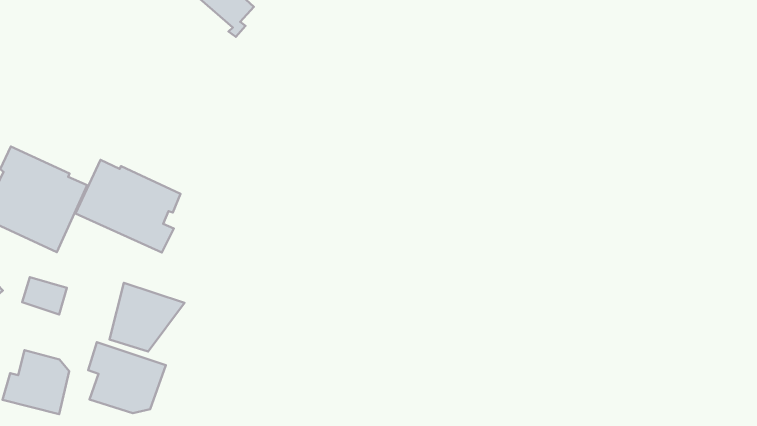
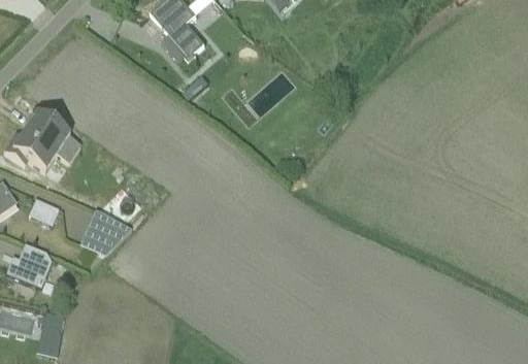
building: [75,160,181,253] -> none
building: [88,342,166,413] -> none

